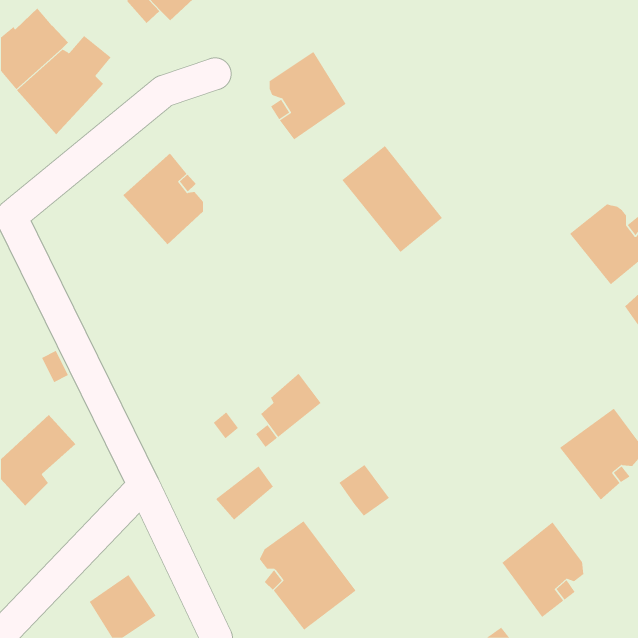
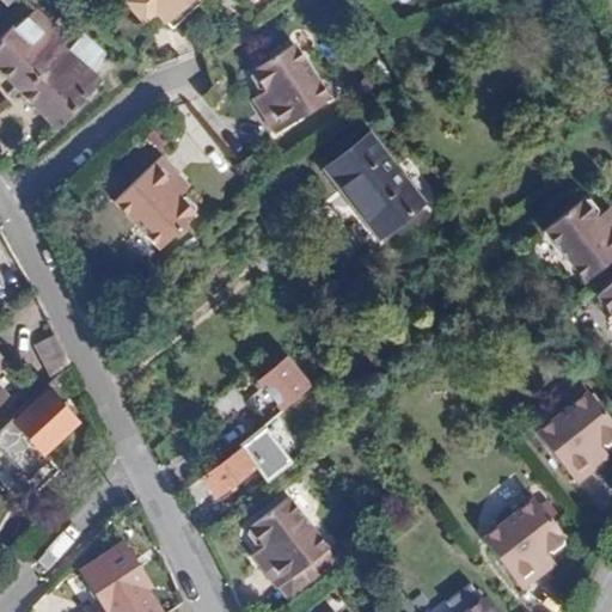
building: [338,464,390,517] -> [249,427,298,477]

